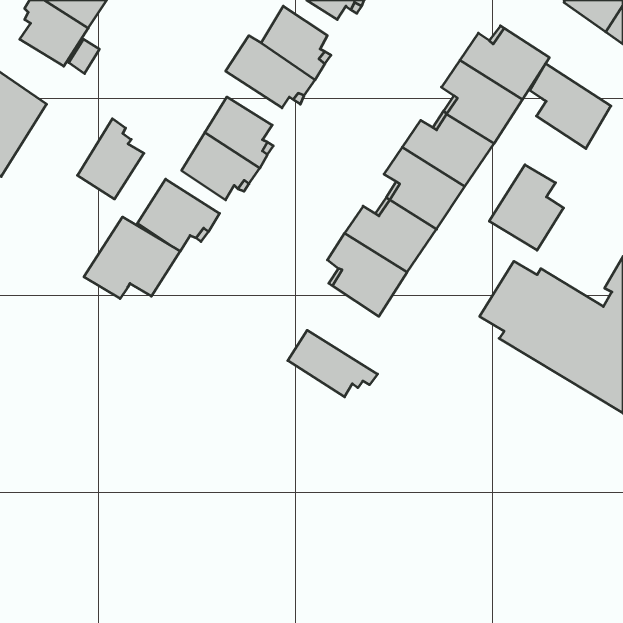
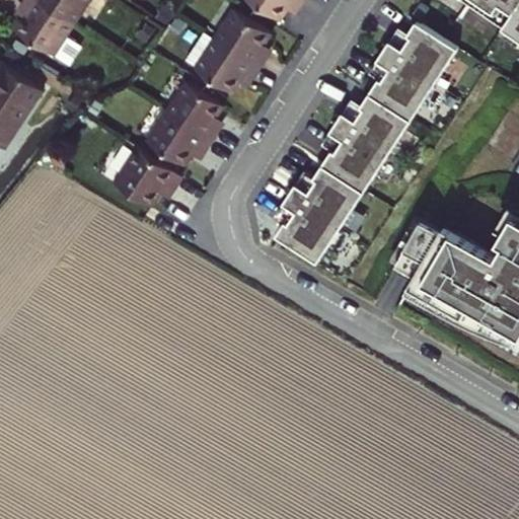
building: [530,64,611,149] -> none
building: [77,119,144,199] -> none
building: [489,165,564,250] -> none
building: [84,217,180,299] -> none
building: [288,330,378,397] -> none

